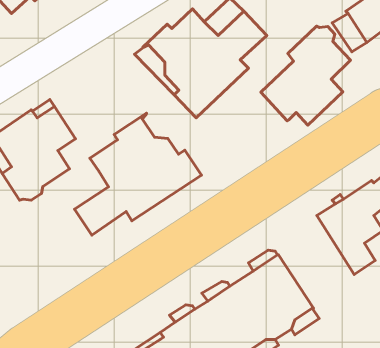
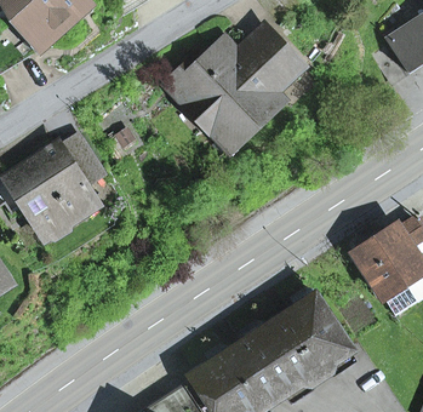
building: [261,26,351,125] -> none
building: [75,113,201,235] -> none

